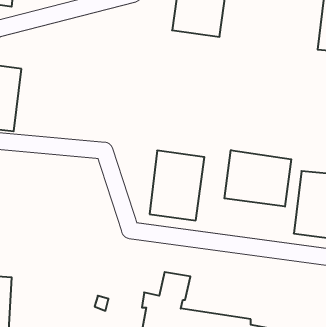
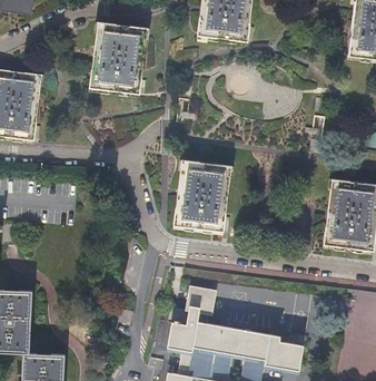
building: none -> [89,23,147,95]
building: [224,150,291,207] -> none

